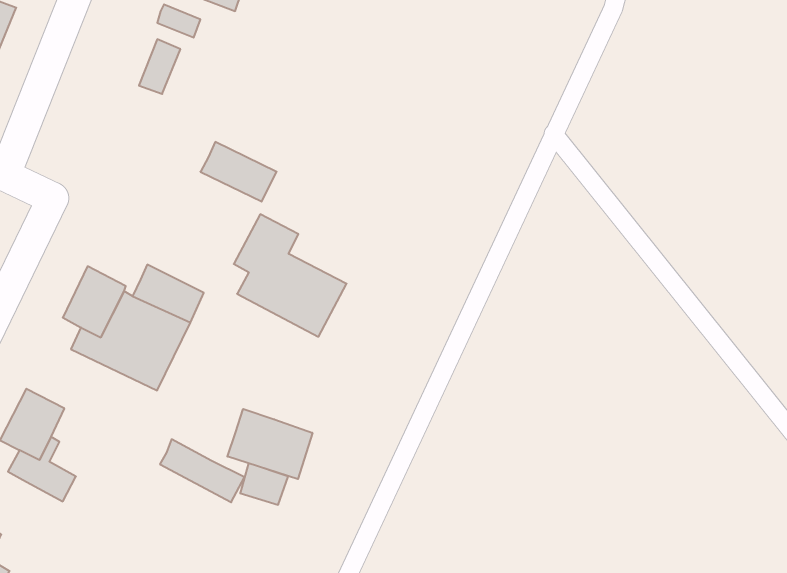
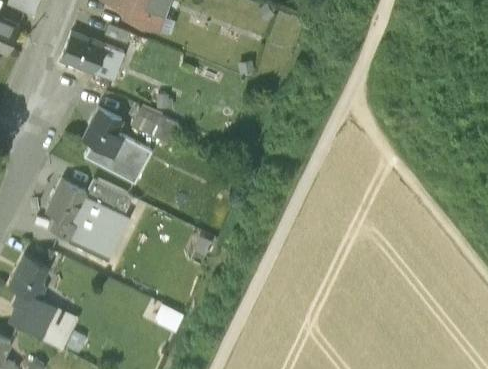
building: none -> [61,32,105,73]
building: [234,214,347,337] -> [83,109,151,183]
building: [227,409,312,479] -> none
building: [160,439,245,502] -> [17,311,68,349]

